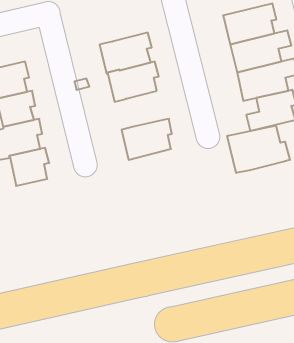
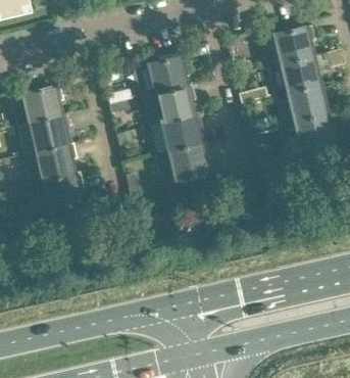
building: none -> [162,112,203,150]
building: [227,125,290,173] -> none

